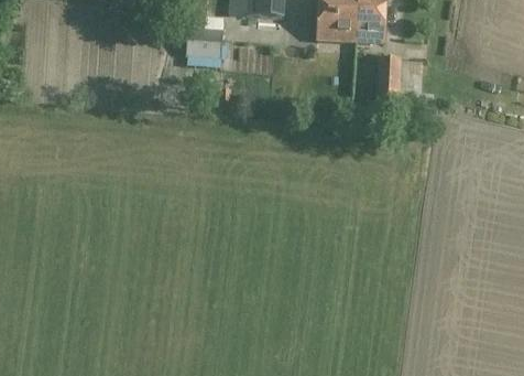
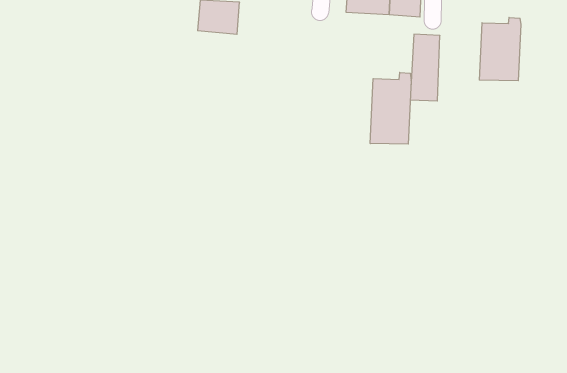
building: none -> [479,17,521,81]
building: none -> [370,72,411,144]

